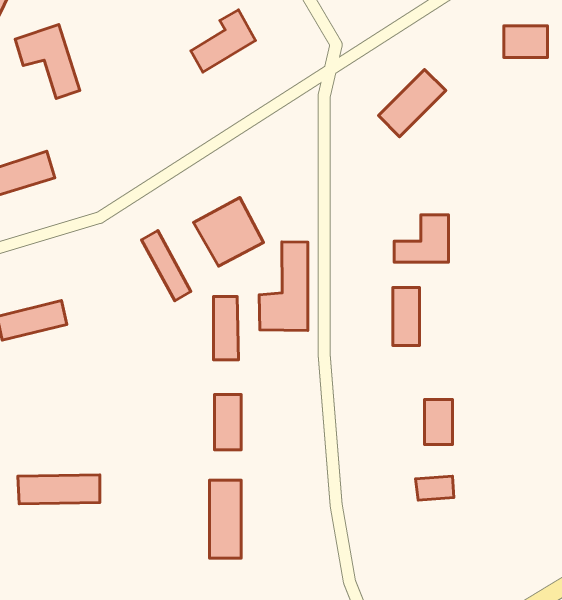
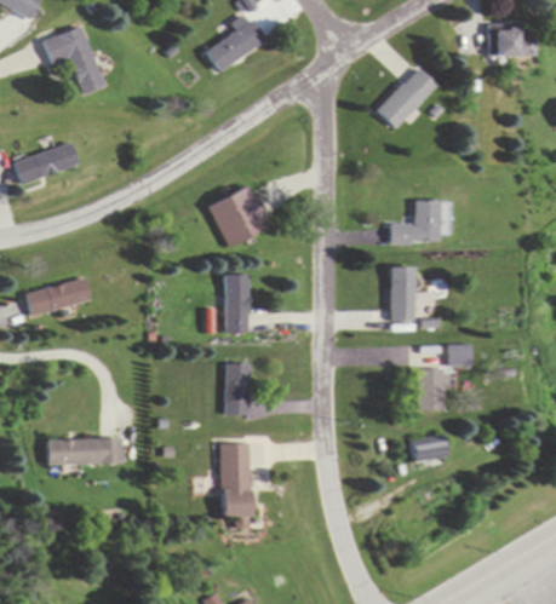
building: [142,230,191,301] -> none
building: [259,242,308,330] -> none
building: none -> [448,344,471,367]

